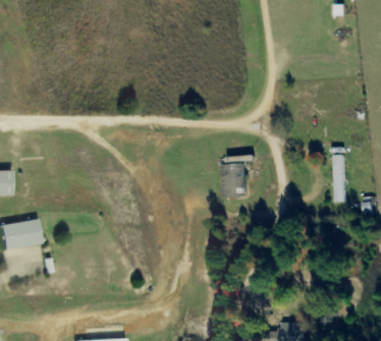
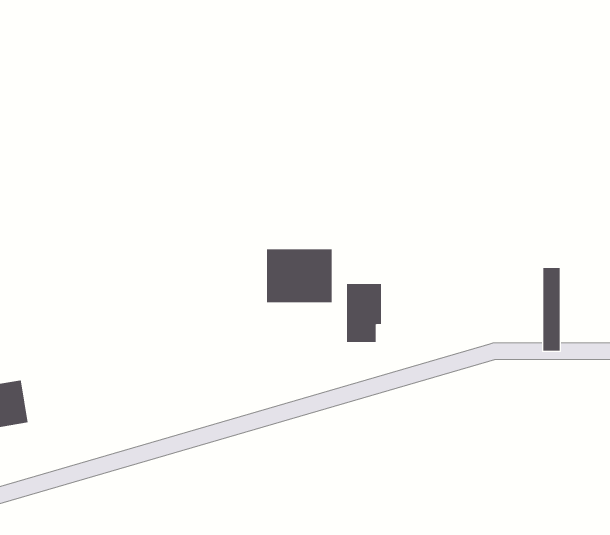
building: none -> [266,248,332,303]

